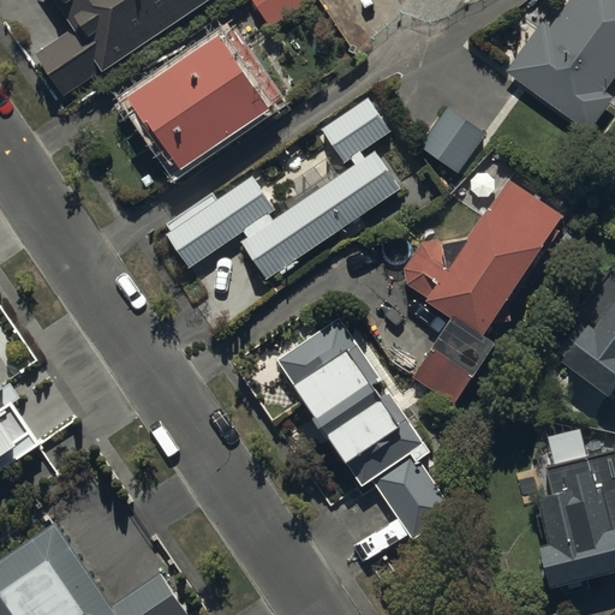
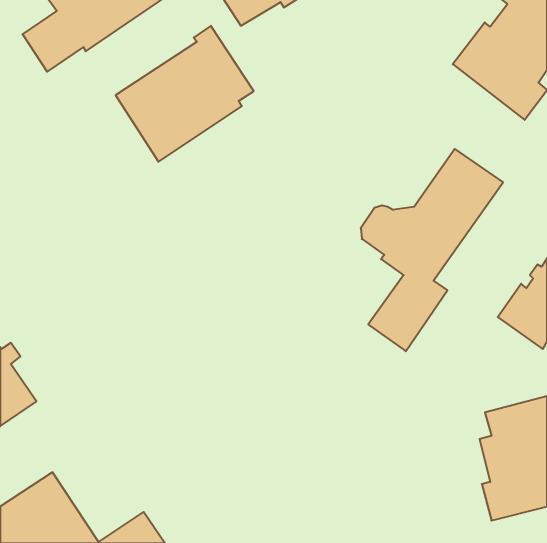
building: [167,98,401,283] -> none
building: [420,111,485,175] -> none
building: [279,321,456,543] -> none

